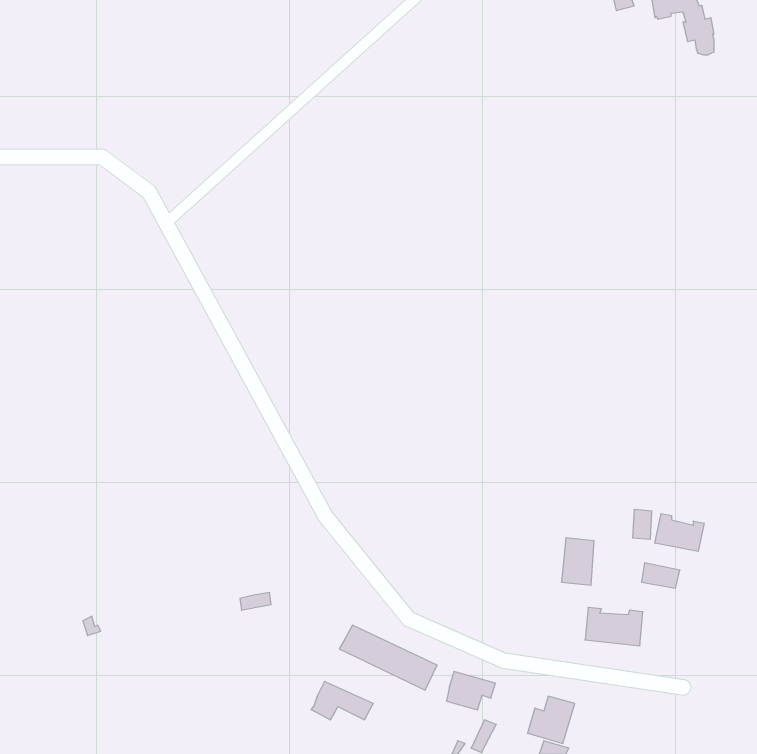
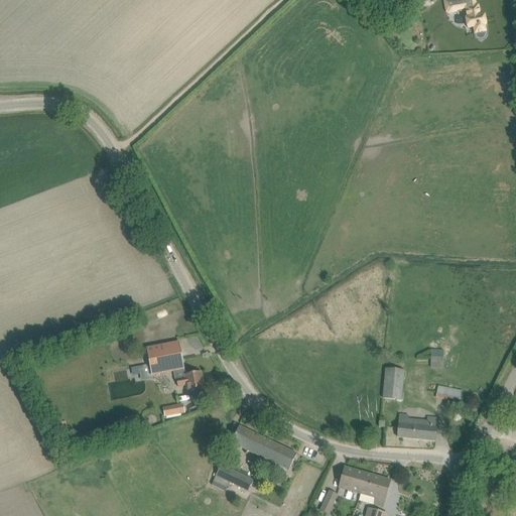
building: none -> [146,341,204,390]
building: [655,514,704,551] -> none
building: [447,671,495,710] -> [340,466,373,492]

